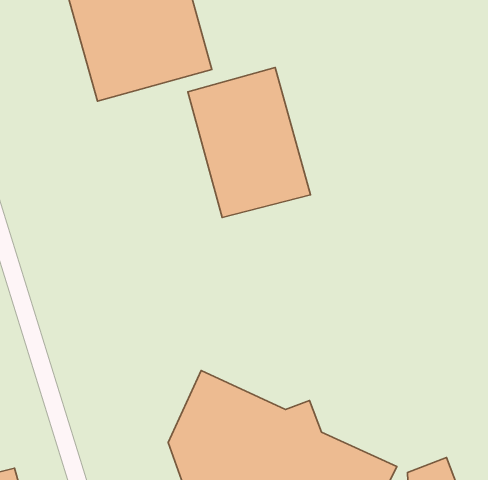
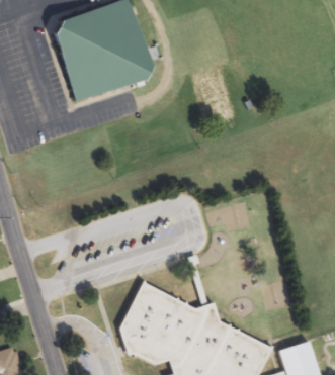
building: [188,68,311,218] -> none

